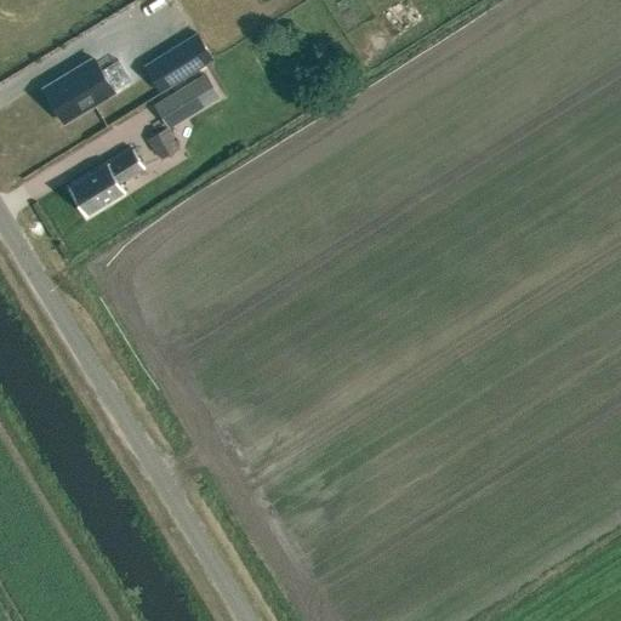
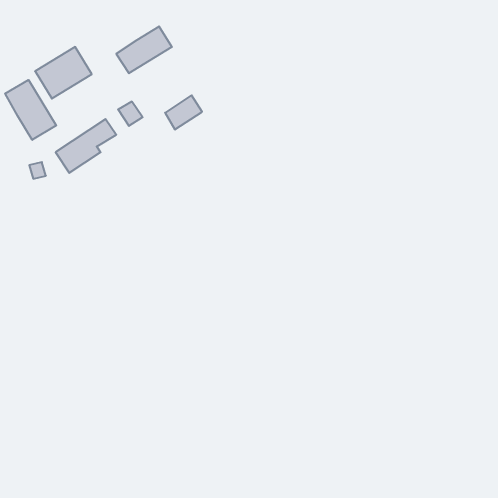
building: [155,85,201,127] -> [165,95,202,129]
building: none -> [5,80,56,140]

